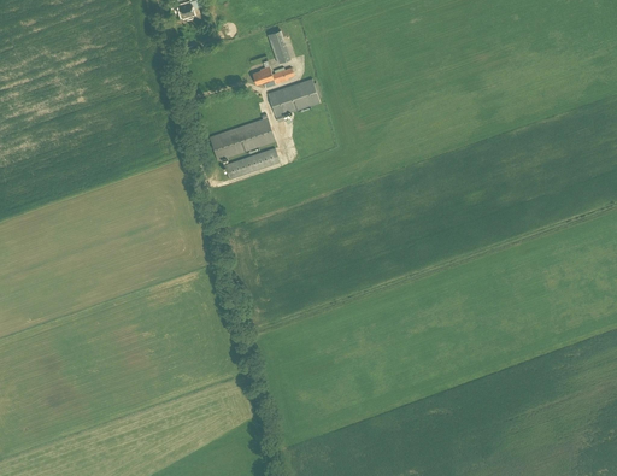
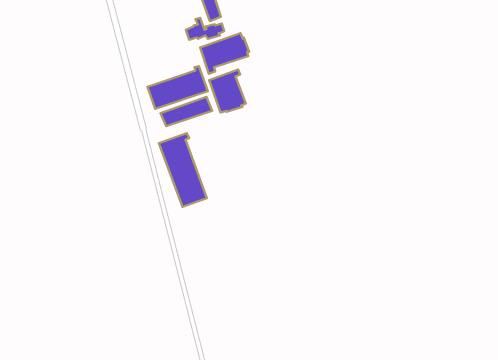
building: none -> [209,69,246,113]
building: none -> [159,133,207,207]

